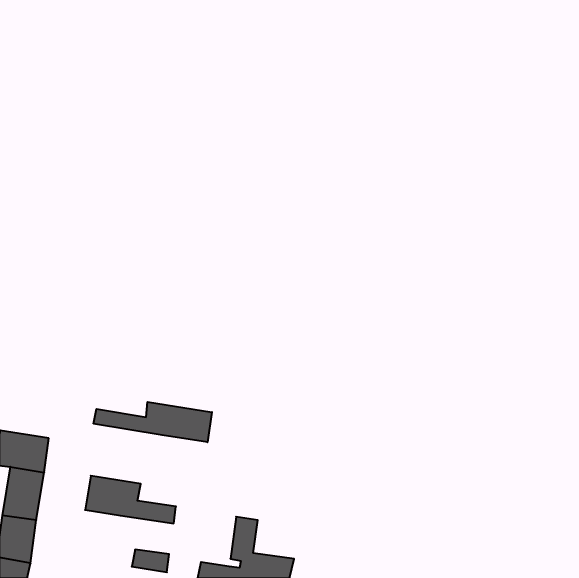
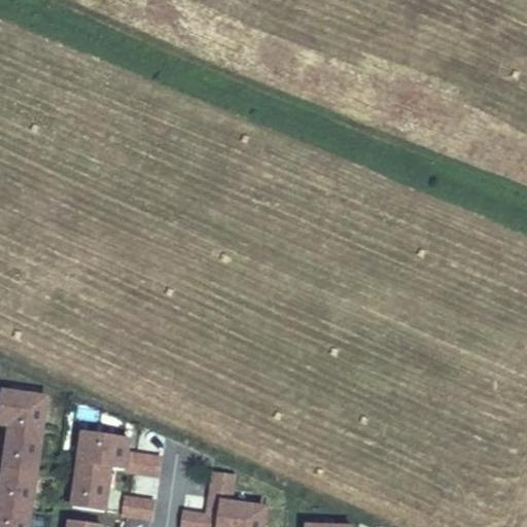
building: [94,402,212,442] -> none
building: none -> [71,462,109,512]

